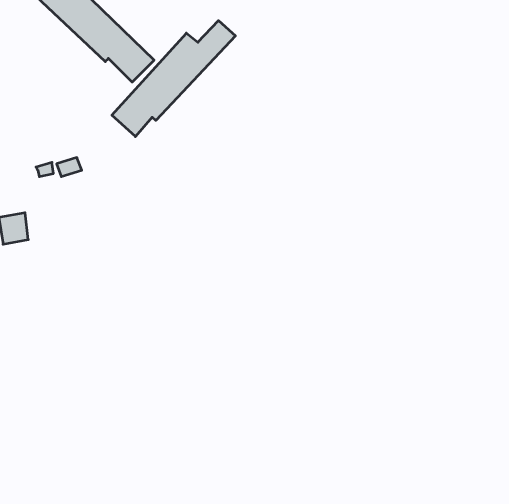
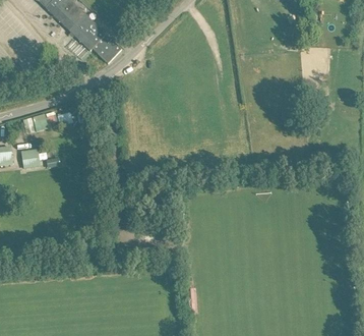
building: [112,21,235,137] -> none

